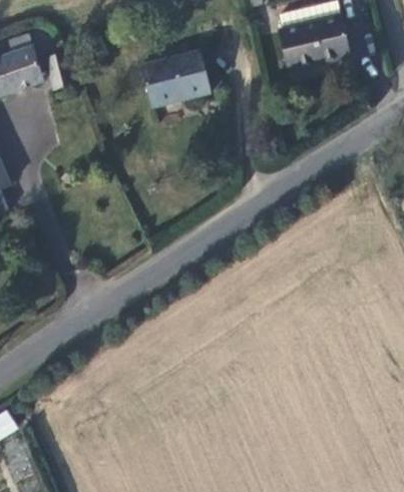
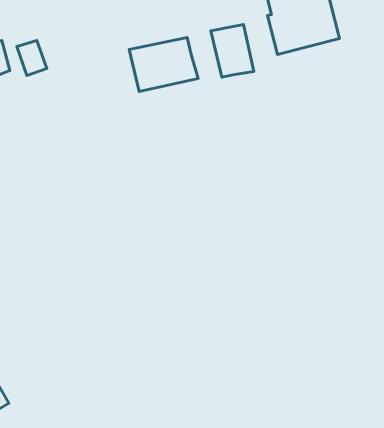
building: none -> [211,24,254,77]

